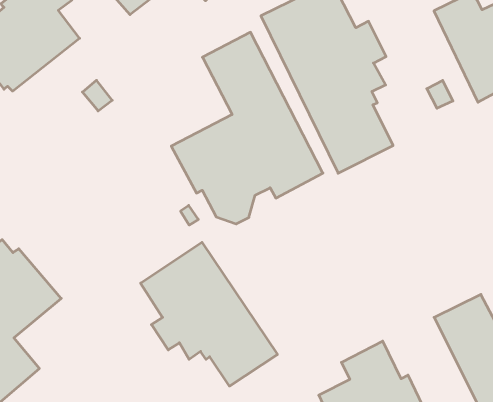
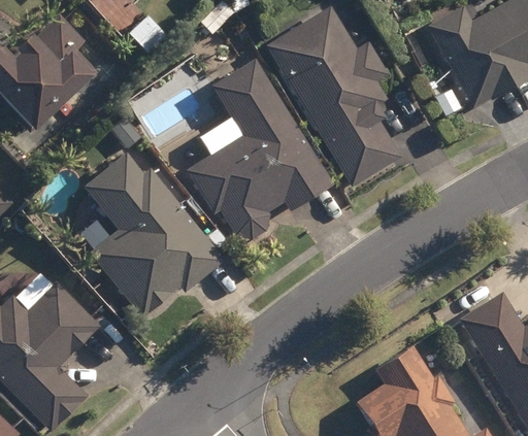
building: none -> [79,149,222,316]
building: [141,242,277,386] -> none

